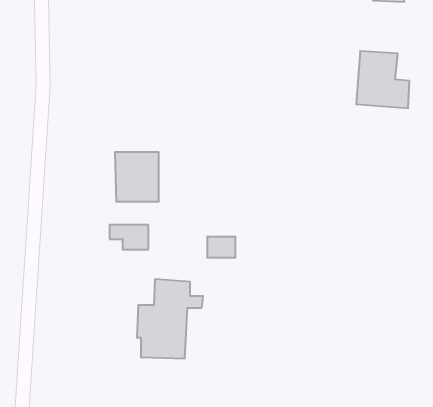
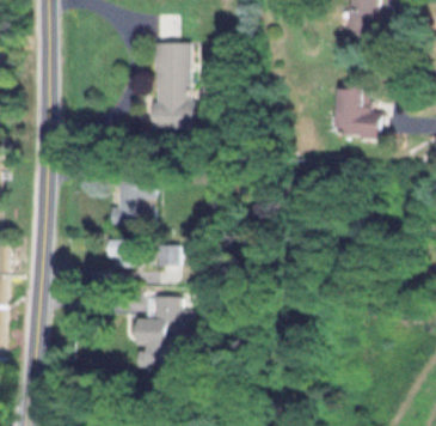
building: none -> [153,42,190,126]
building: [207,237,236,257] -> [156,245,183,264]

